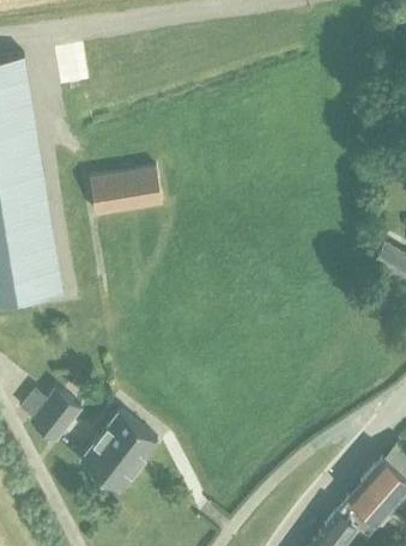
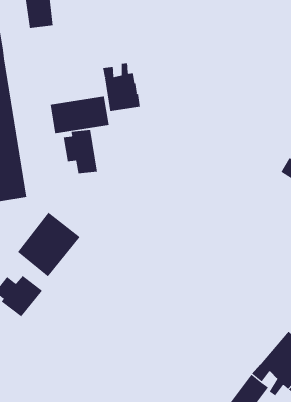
building: none -> [103,63,141,112]
building: none -> [63,129,98,174]
building: [80,411,158,491] -> [17,212,81,277]

